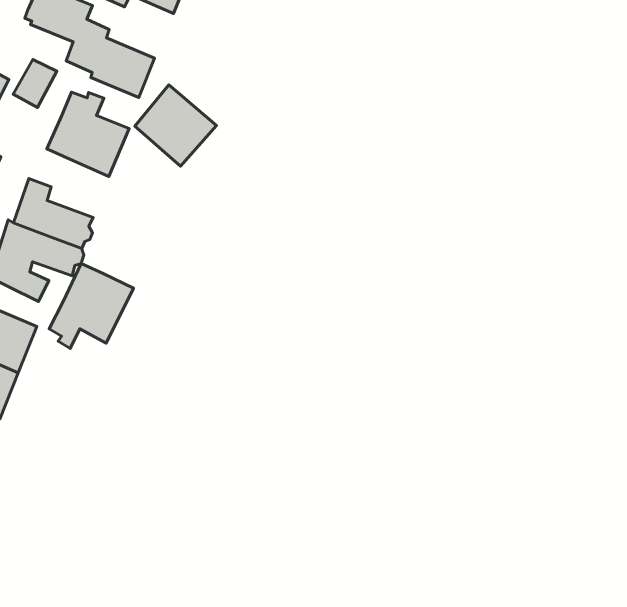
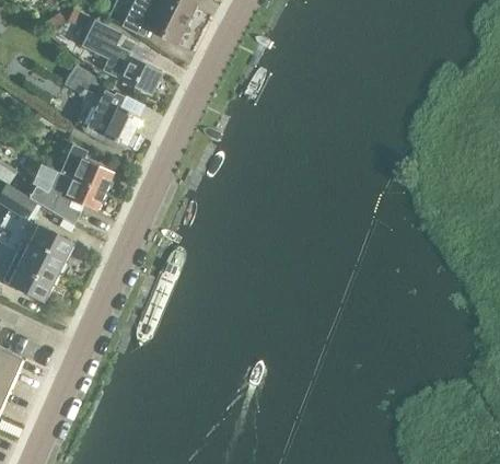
building: [135,85,217,166] -> none
building: [49,263,134,348] -> none

